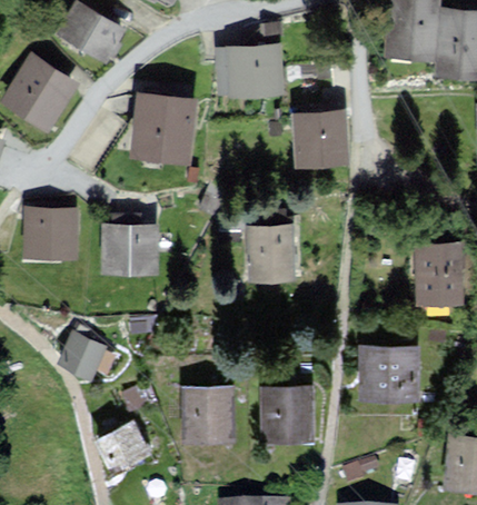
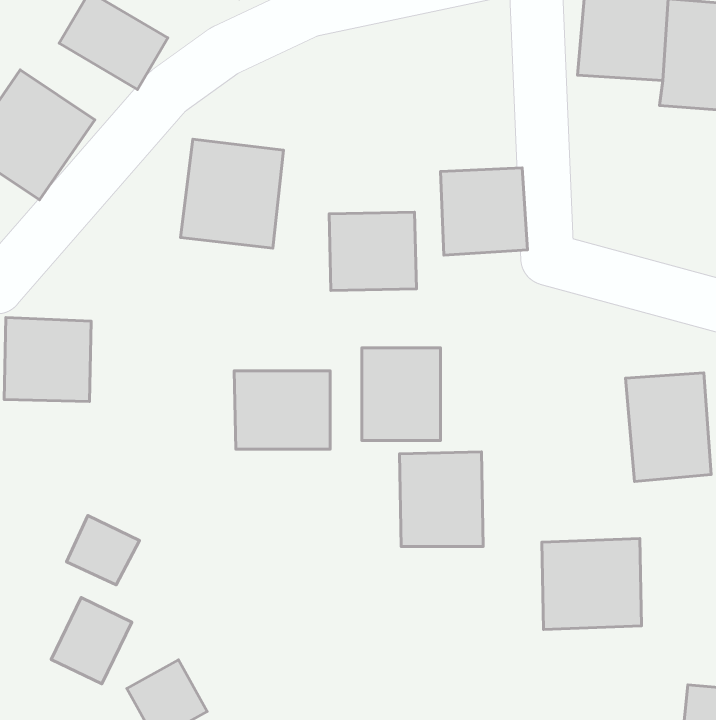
building: [226,48,280,97] -> [329,212,416,290]
building: [98,226,158,275] -> [234,371,330,449]
building: none -> [51,598,132,684]
building: [181,386,232,442] -> none
building: [261,387,314,446] -> [399,452,483,546]

